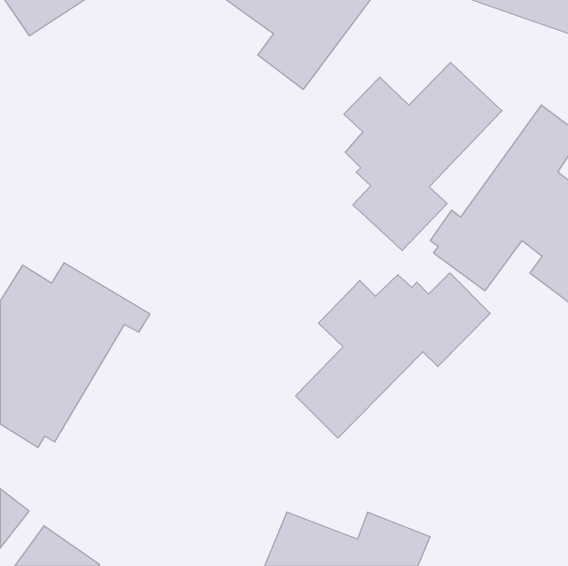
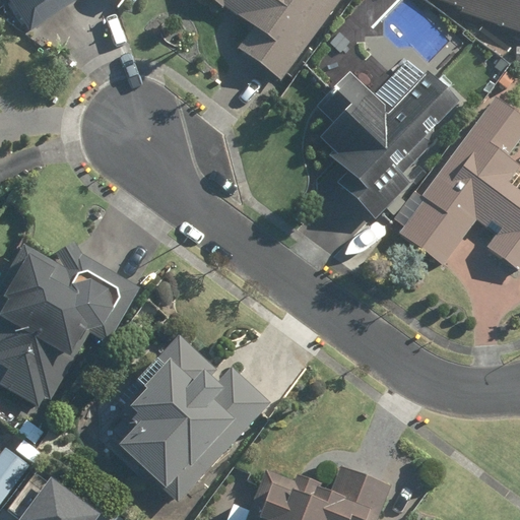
building: [296,273,490,438] -> none
building: none -> [110,330,272,494]

